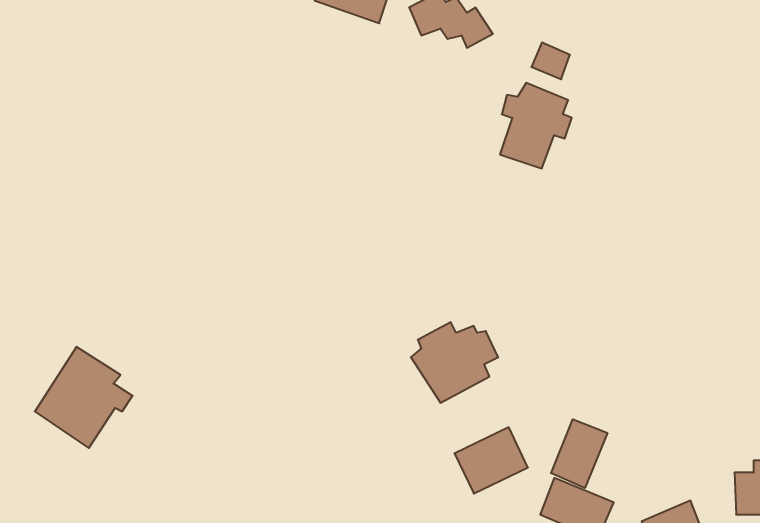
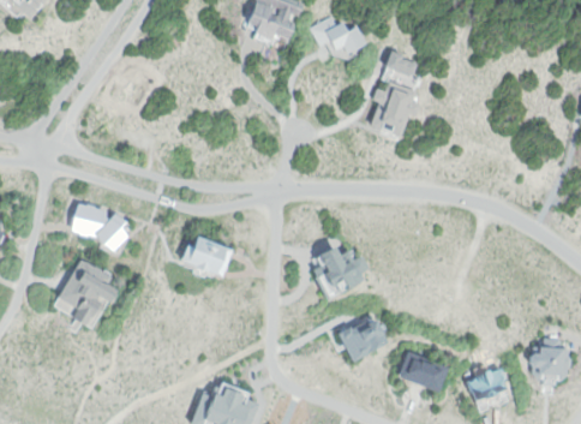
building: none -> [70,203,132,251]
building: none -> [176,239,232,279]
building: [551,419,607,488] -> none

